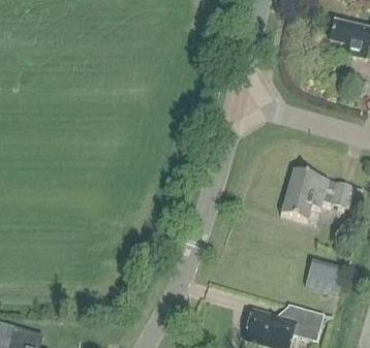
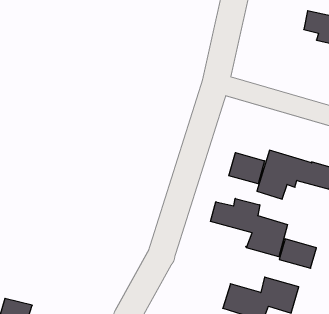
building: none -> [229,153,265,184]
building: none -> [210,198,287,257]

